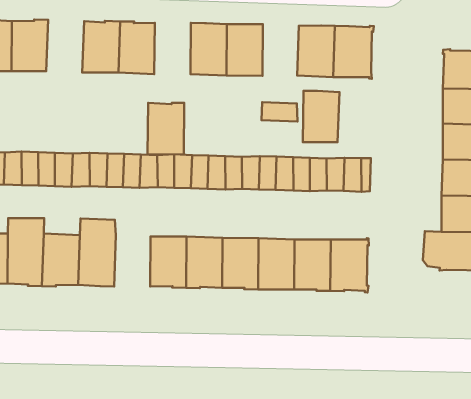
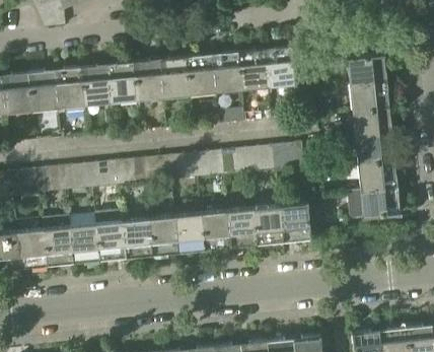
building: none -> [56,67,86,114]
building: [303,91,339,142] -> [213,52,242,91]
building: [148,103,184,154] -> [134,59,164,99]
building: none -> [124,218,153,258]

